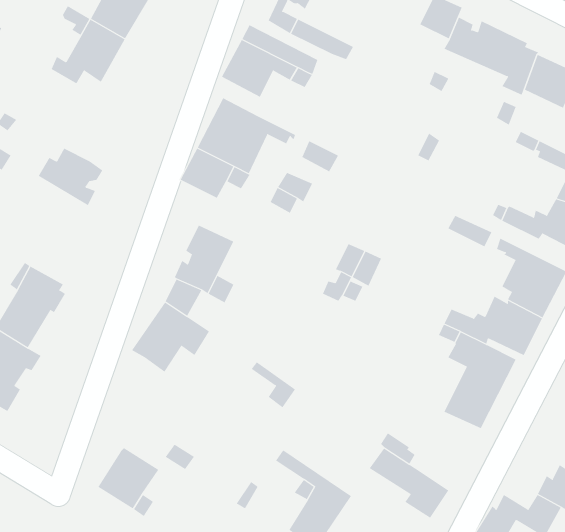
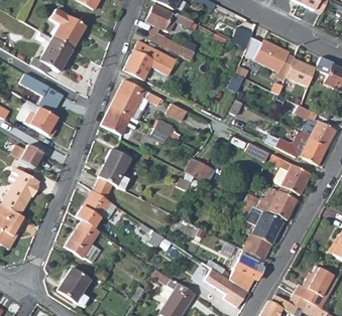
building: none -> [20,73,65,115]
building: none -> [11,145,43,168]
building: none -> [66,220,102,263]
building: none -> [229,250,267,292]

